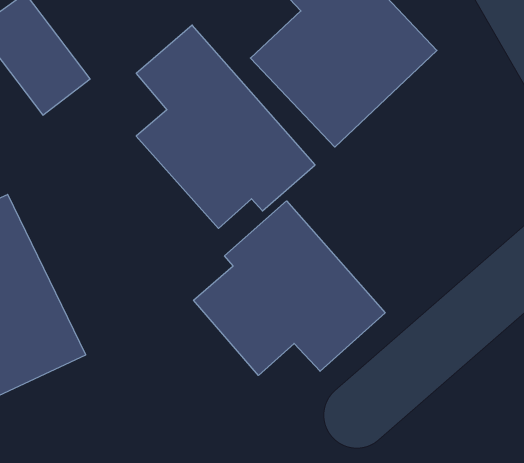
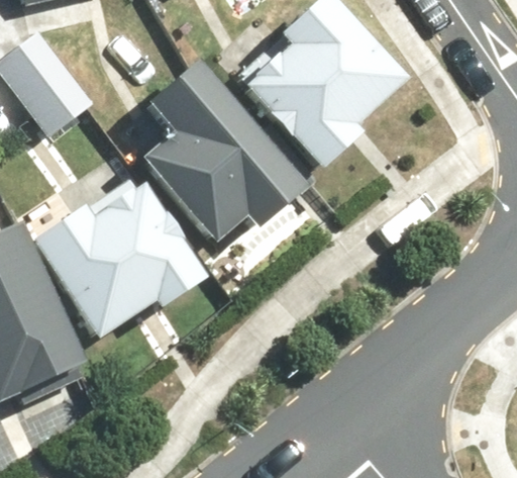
building: none -> [40,180,195,332]
building: [194,201,385,375] -> none

